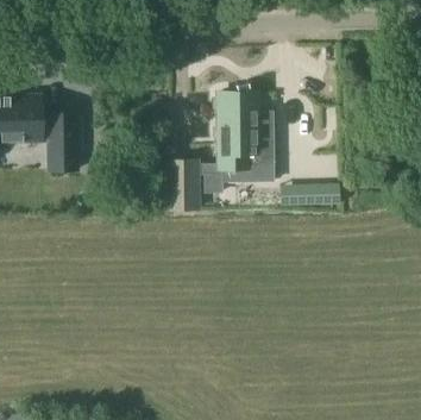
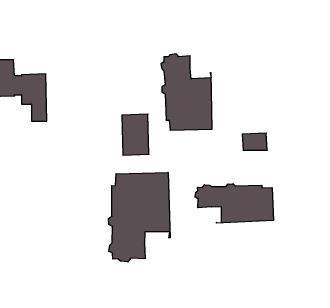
building: none -> [108,172,170,262]
building: none -> [195,184,273,223]

